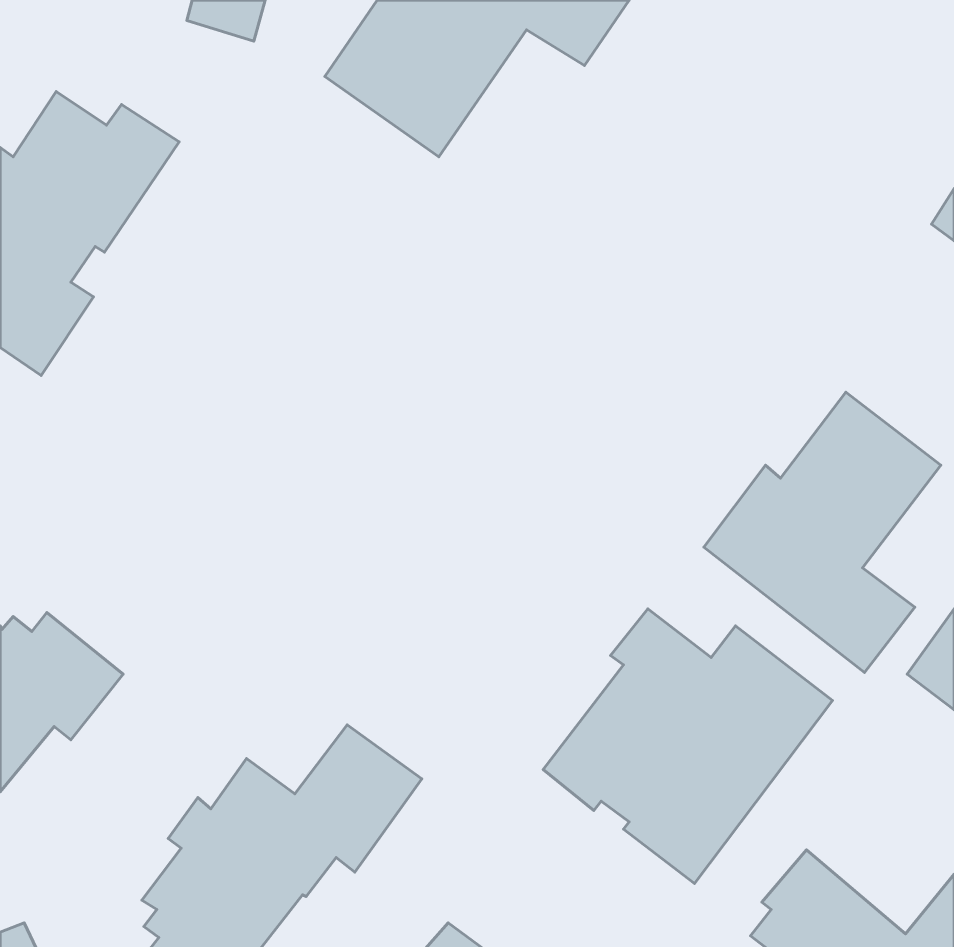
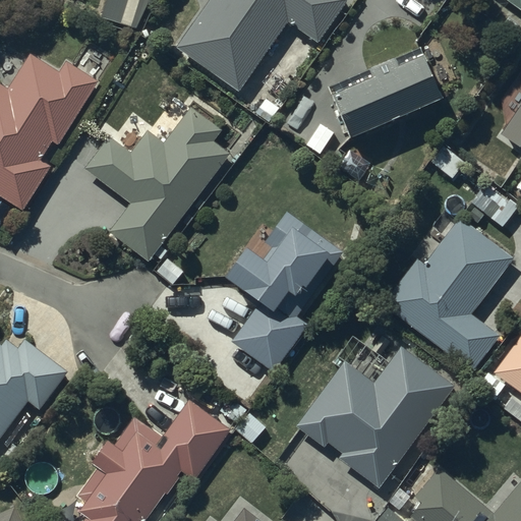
building: none -> [331,61,444,144]
building: none -> [85,107,228,260]
building: none -> [225,212,342,370]

